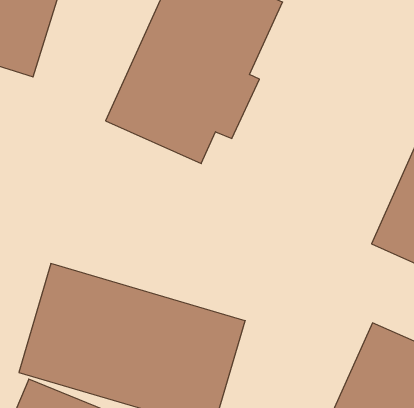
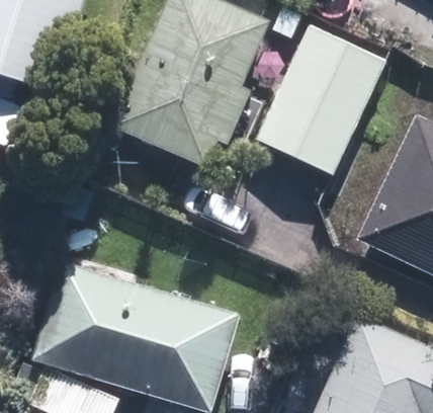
building: none -> [254,27,384,175]

